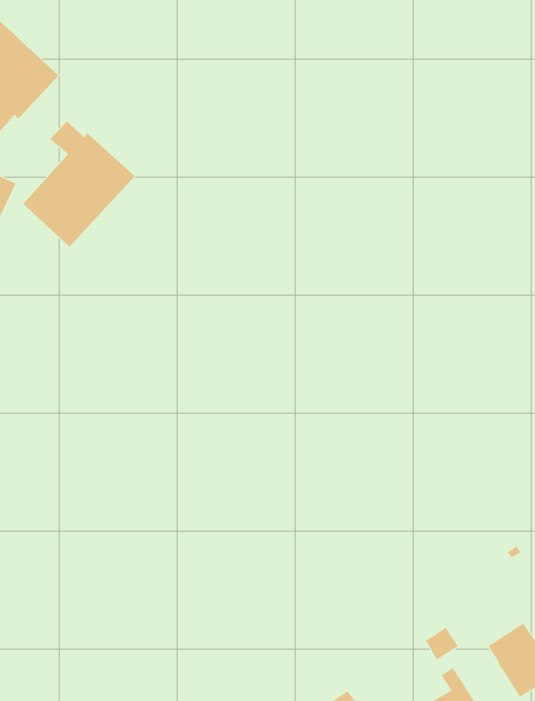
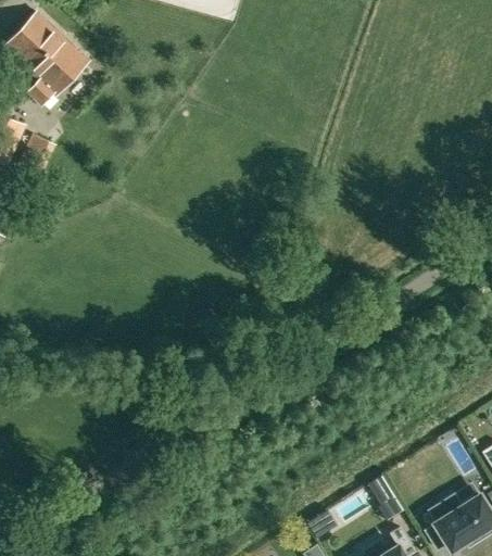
building: [23,120,135,248] -> none

